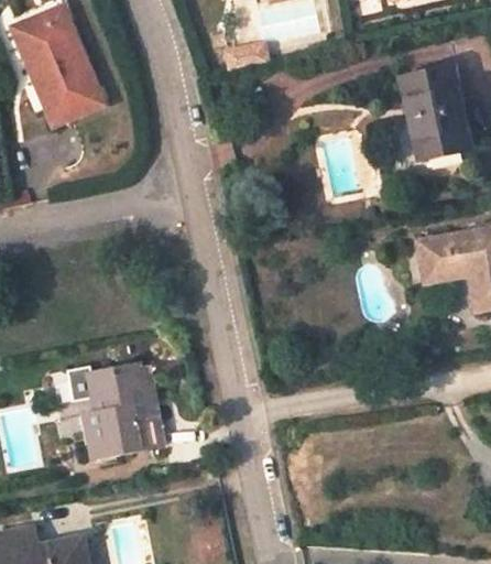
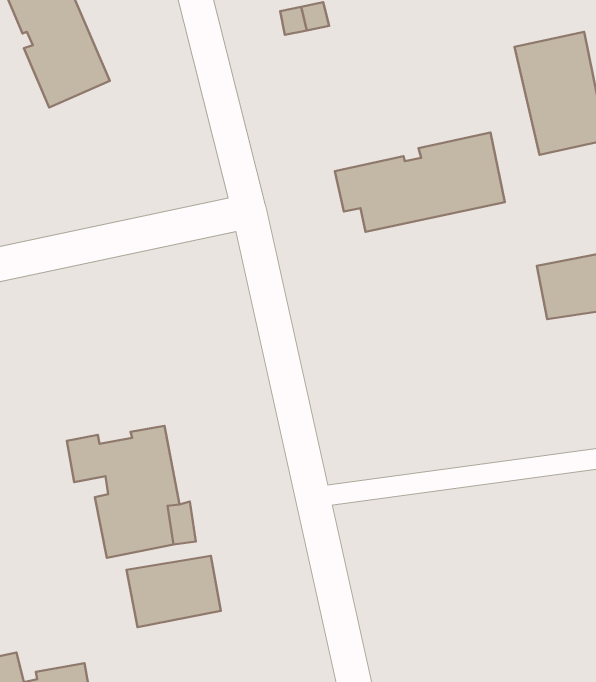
building: none -> [335,133,505,232]
building: none -> [127,556,221,627]

